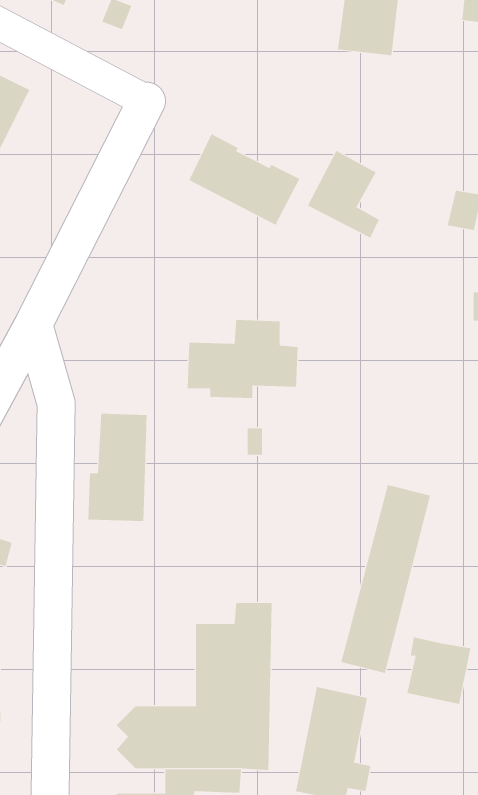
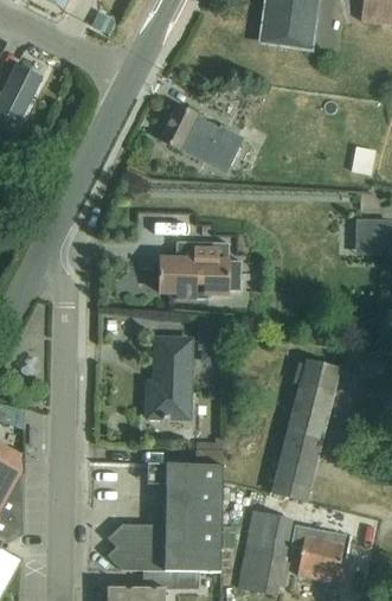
building: [307,150,380,238] -> none
building: [88,413,147,521] -> [146,338,189,417]
building: [407,637,471,705] -> [297,528,345,577]

